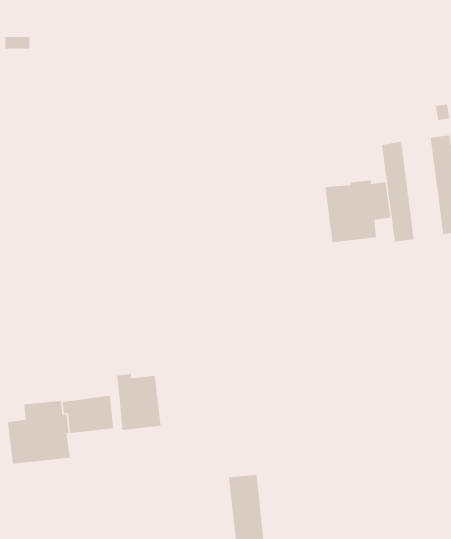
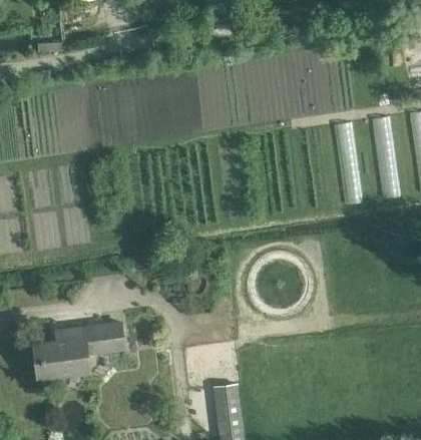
building: [325,180,391,243] -> none
building: [117,373,161,431] -> none

